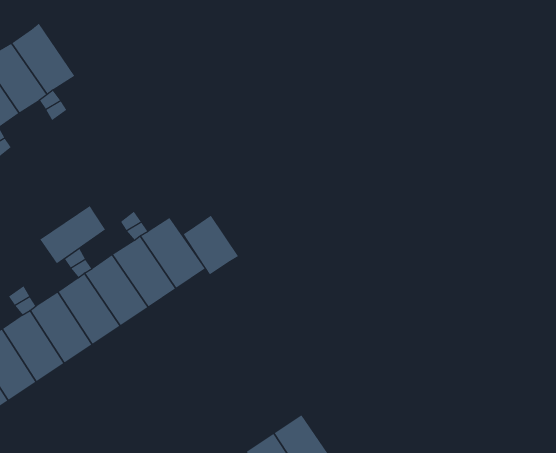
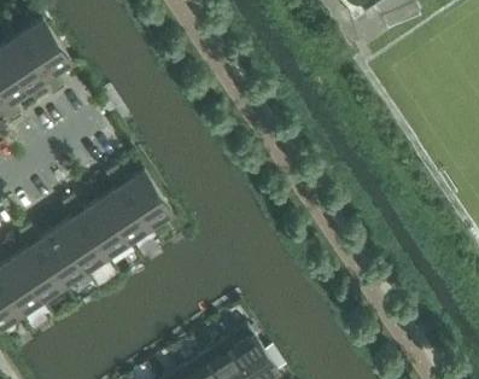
building: [39,205,106,264] -> none
building: [183,215,239,275] -> none

